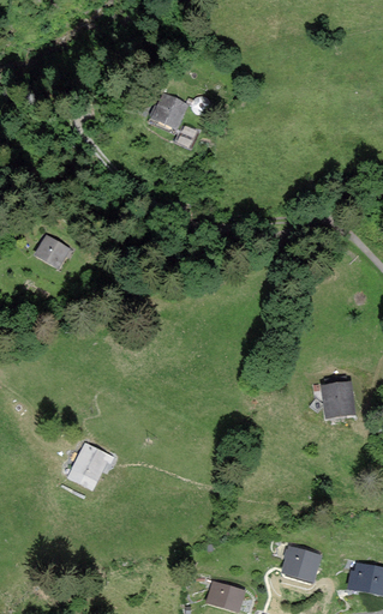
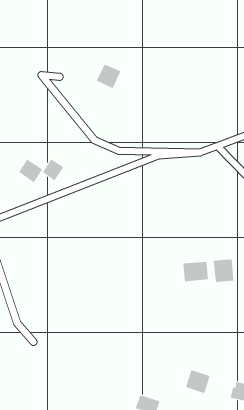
building: none -> [42,159,64,181]
building: none -> [183,261,208,282]
building: [70,444,114,488] -> none

